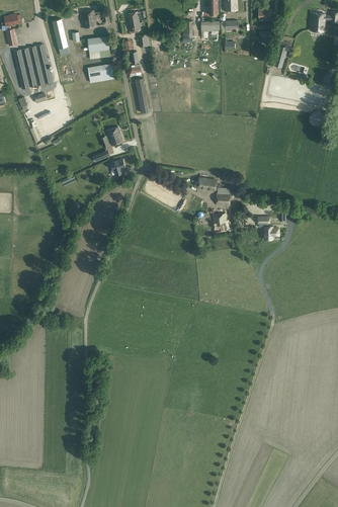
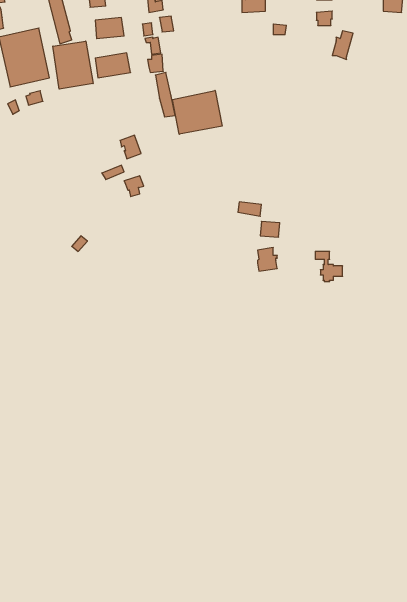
building: none -> [53,41,93,89]
building: none -> [173,90,222,134]

